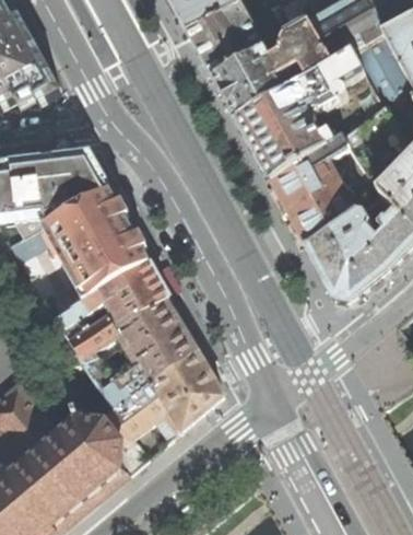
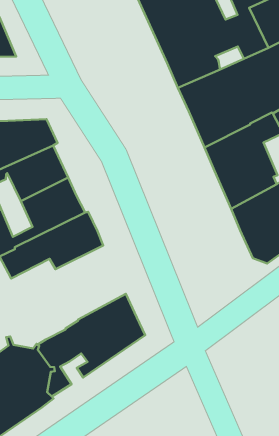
building: [69,294,197,404] -> none

